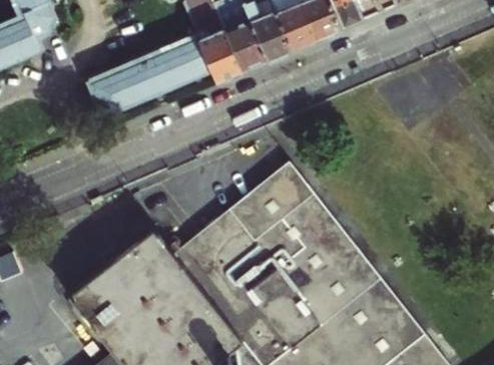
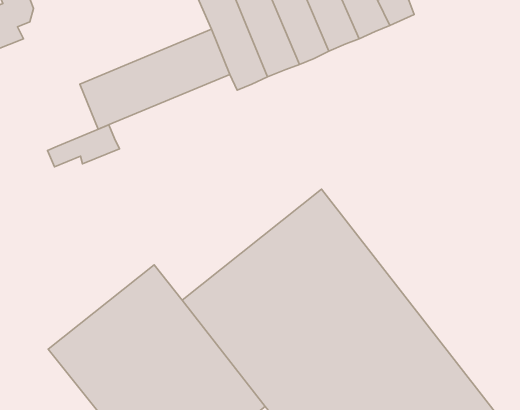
building: none -> [48,125,119,167]

